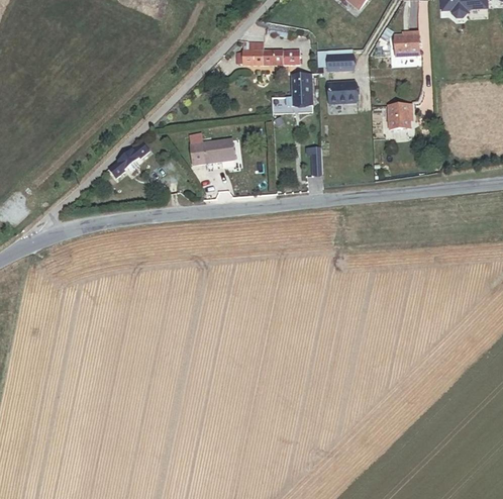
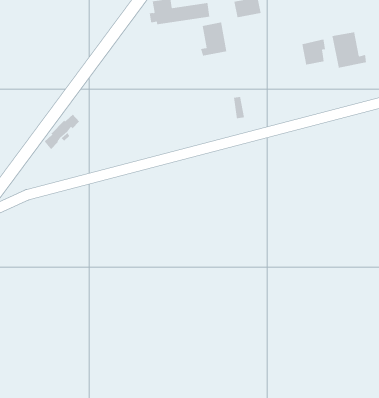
building: [329,82,356,103] -> none
building: none -> [332,31,367,68]
building: [190,137,234,164] -> none

